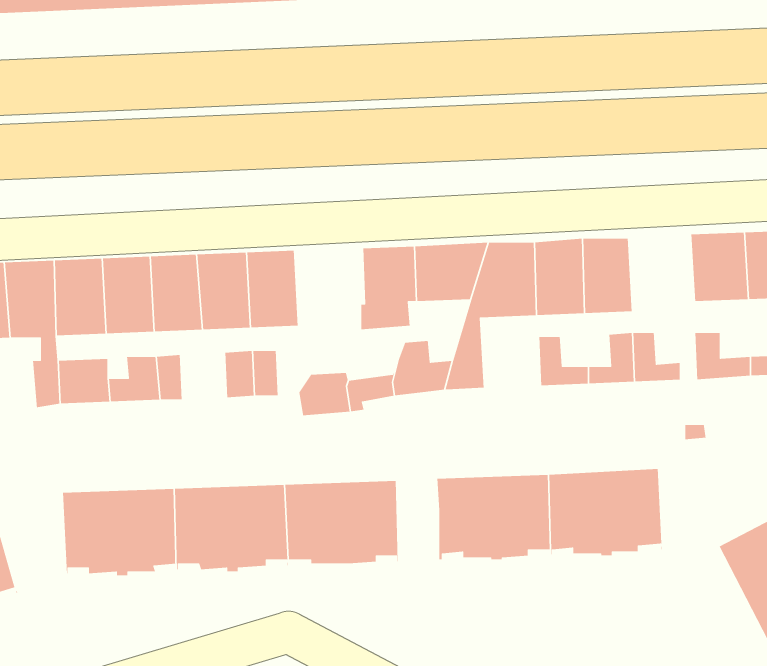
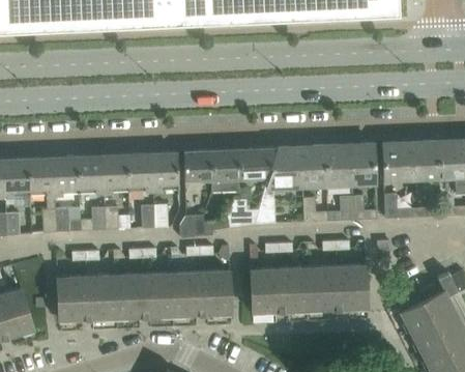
building: none -> [349,144,375,183]
building: none -> [183,150,212,180]

